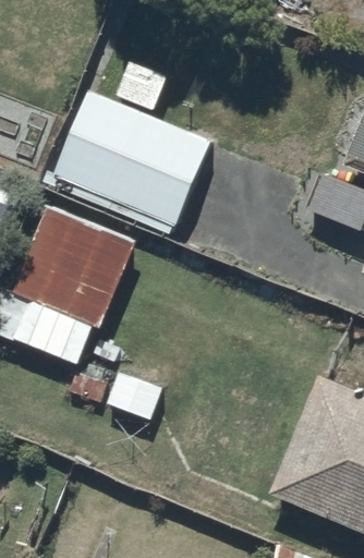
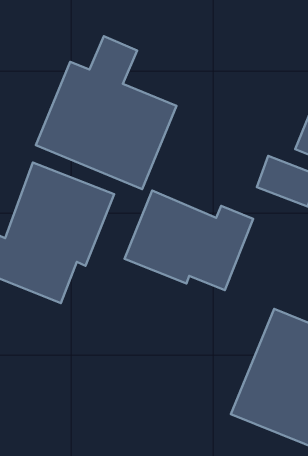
building: none -> [124,190,253,290]

